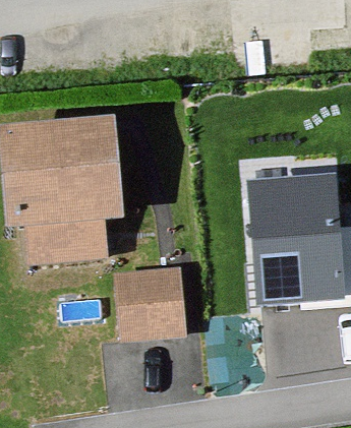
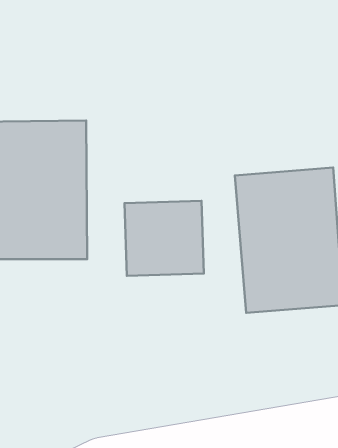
building: [115,272,187,341] -> [124,201,204,276]

